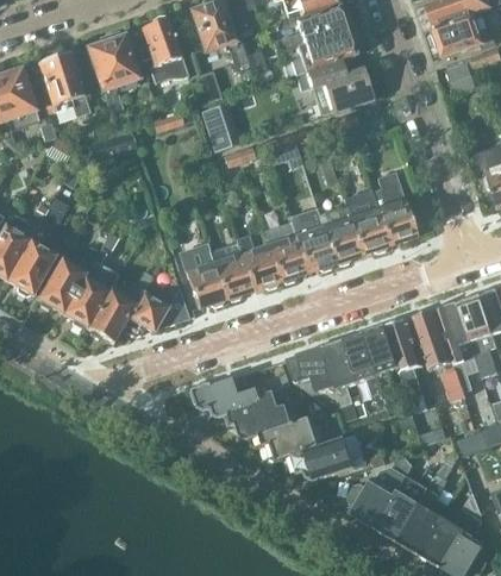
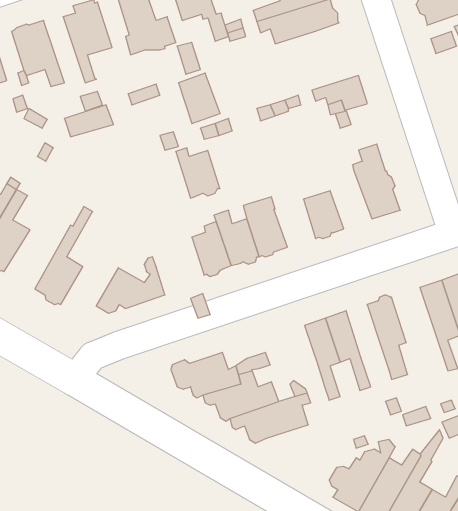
building: [295,61,371,114] -> none
building: [344,195,389,252] -> none
building: [294,224,334,270] -> none
building: [37,245,96,311] -> none
building: [183,258,226,307] -> [176,148,220,198]
building: [87,269,152,342] -> none
building: [412,309,464,400] -> none
building: [364,326,400,412] -> none
building: [287,346,337,393] -> none
building: [287,433,365,478] -> none

